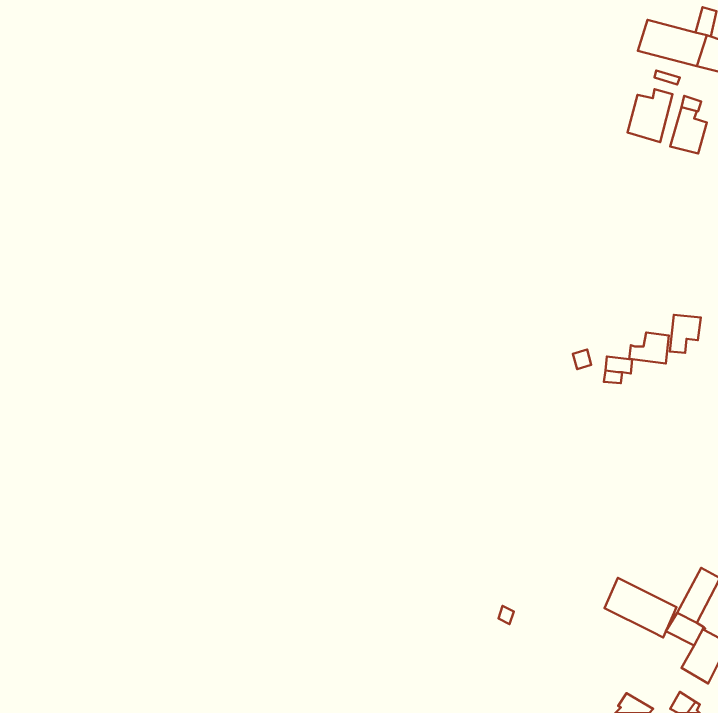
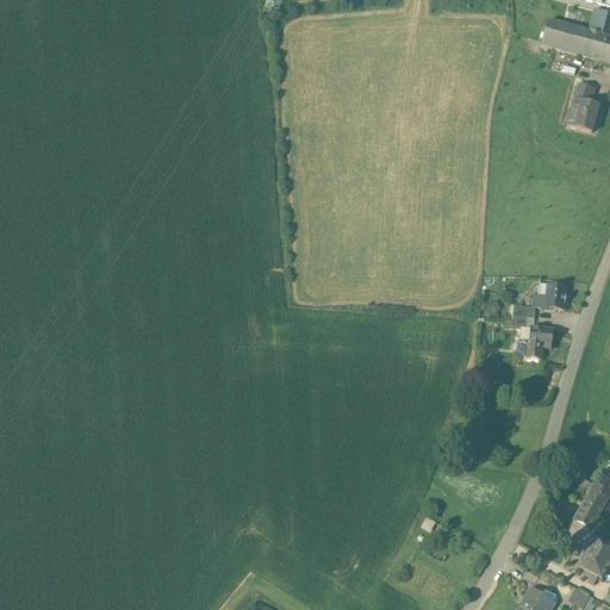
building: [627,89,673,142] -> none
building: [670,315,701,353] -> [528,324,554,356]
building: [604,578,676,638] -> none

